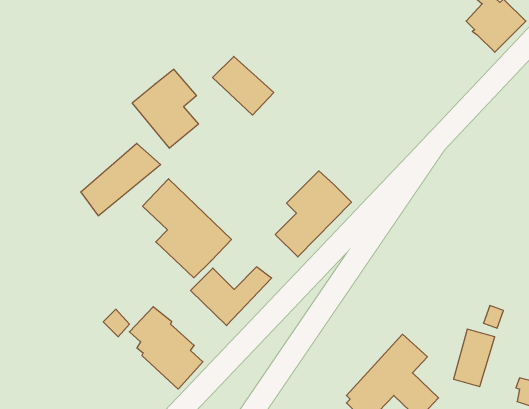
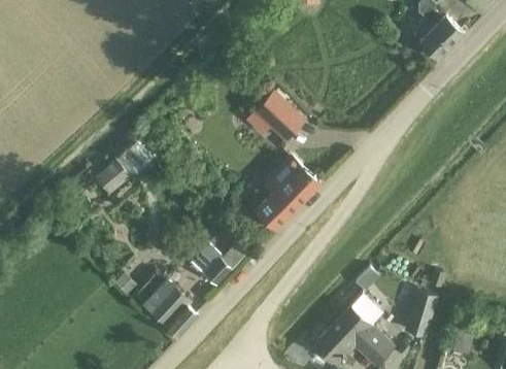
building: [213,56,274,115] -> [255,93,305,141]
building: [132,69,198,148] -> none
building: [143,179,231,278] -> none

